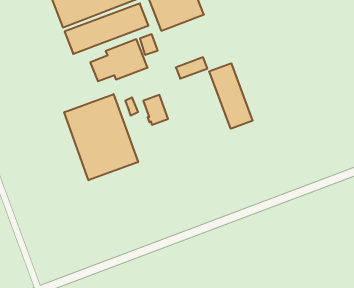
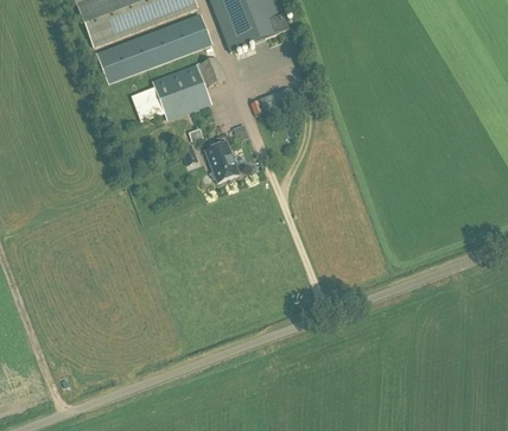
building: [209,63,253,129] -> none
building: [64,94,138,180] -> none

